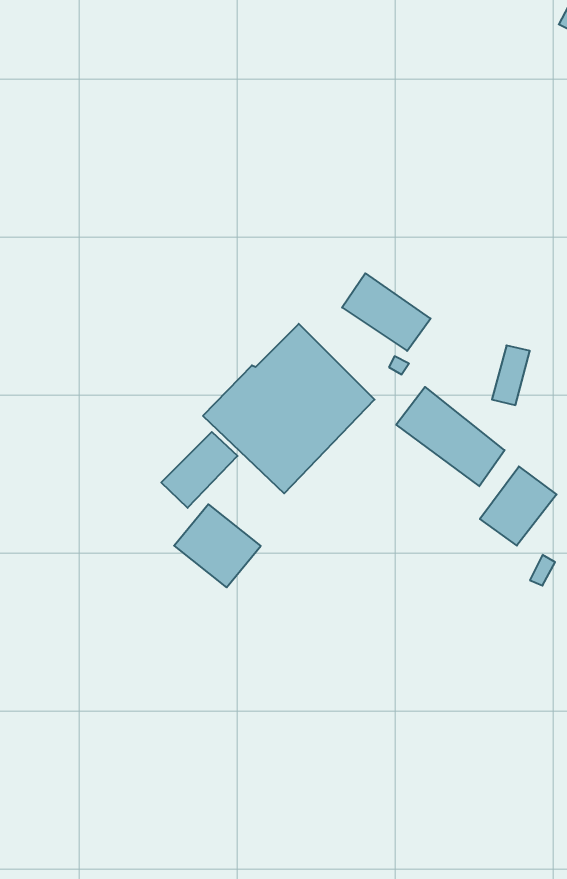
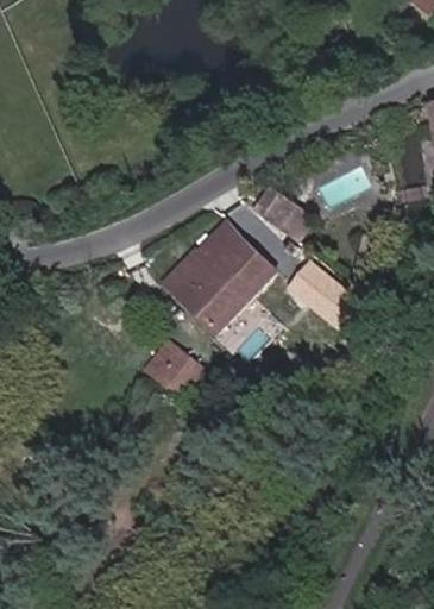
building: [161,432,238,508] -> none
building: [480,466,557,546] -> none

